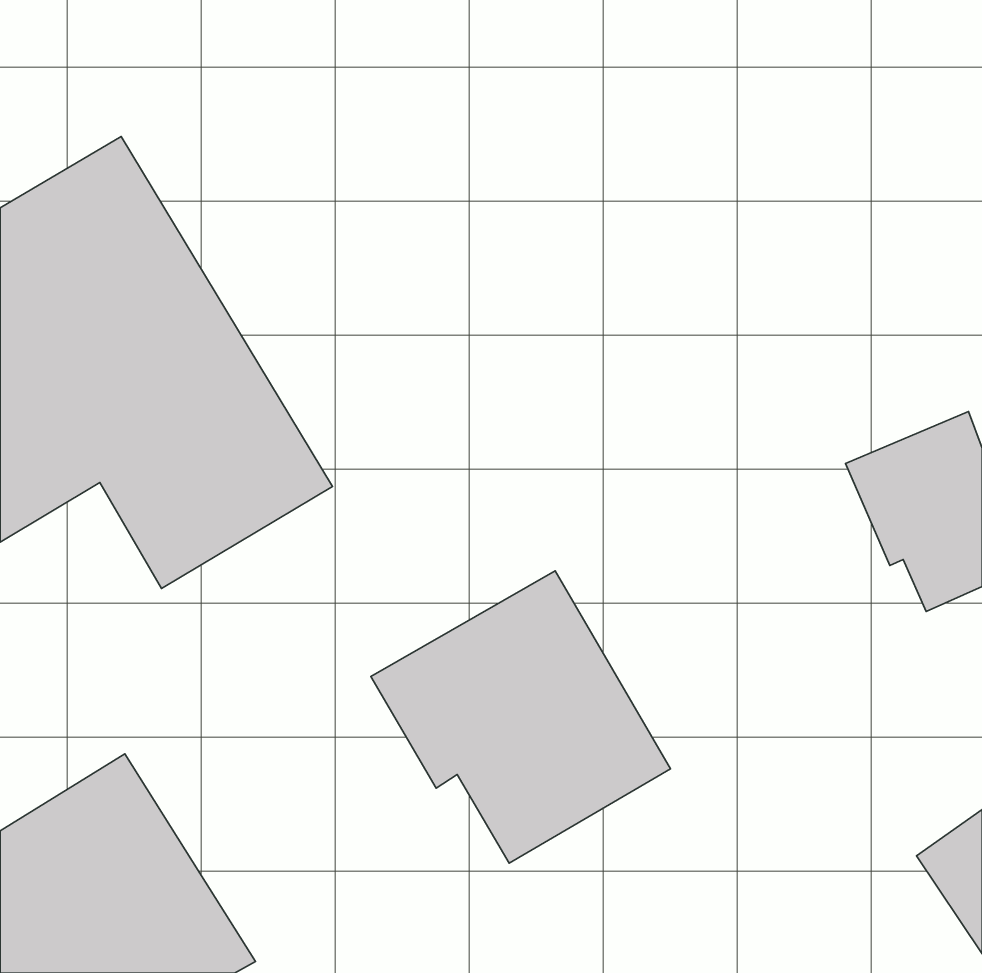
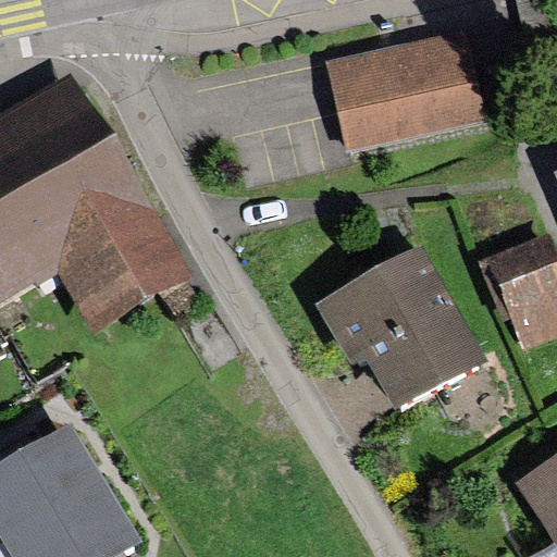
building: none -> [329,25,487,148]
building: [371,571,670,863] -> [315,248,485,413]

